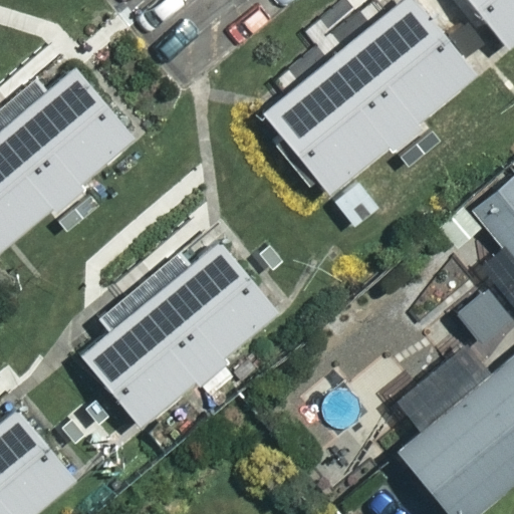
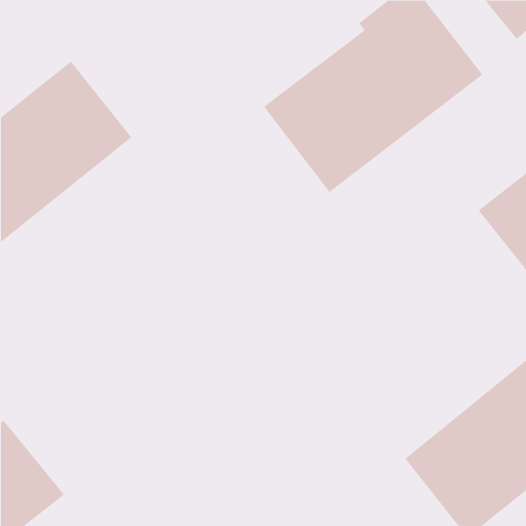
building: [79,241,278,426] -> none

